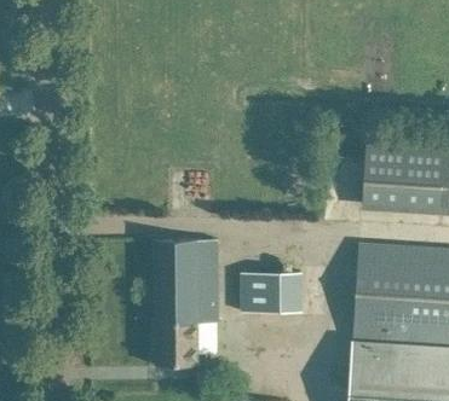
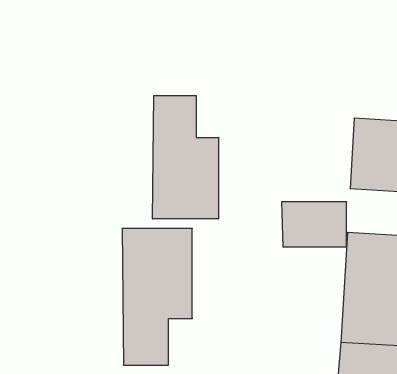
building: none -> [153,96,219,219]
building: [242,272,301,313] -> [282,202,347,247]

